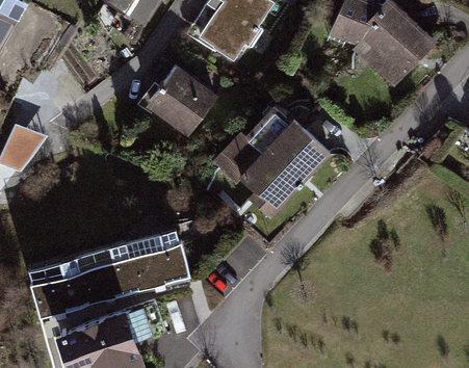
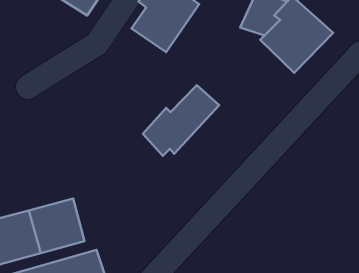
building: [145,65,215,135] -> none
building: [240,129,329,221] -> none
building: [126,227,191,291] -> none

